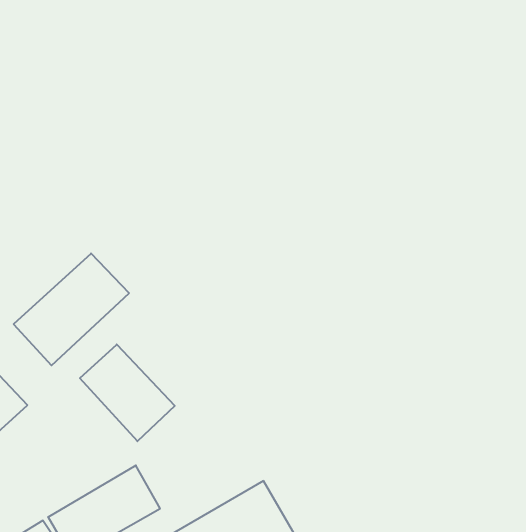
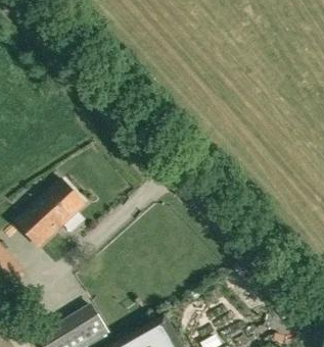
building: [80,344,175,441] -> none

